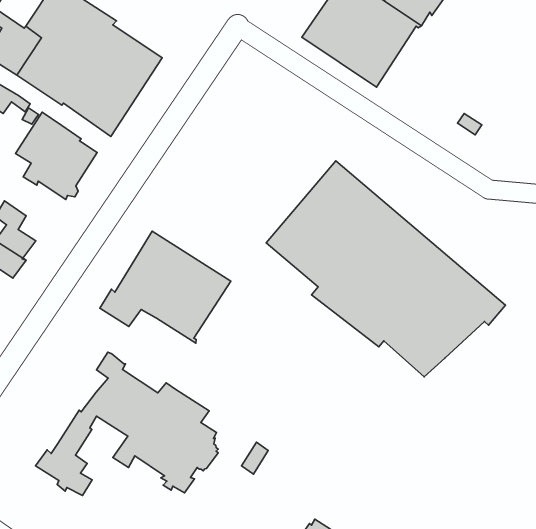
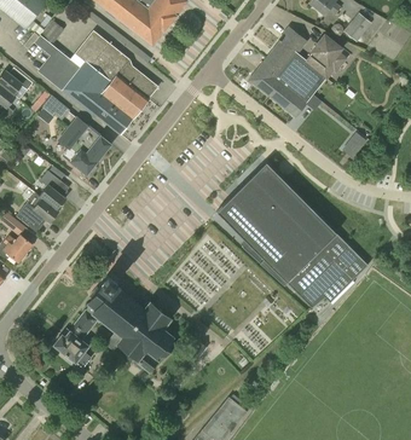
building: [100,231,231,343] -> none

